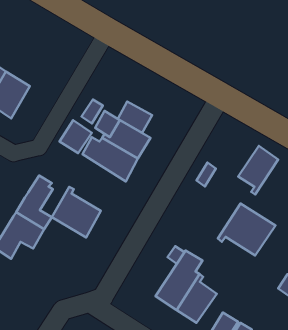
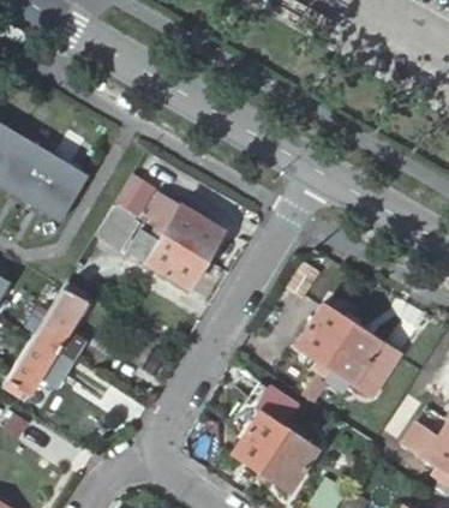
building: none -> [28,156,88,222]
building: [118,102,152,133] -> none
building: [238,146,278,194] -> [295,303,352,371]
building: [52,187,101,238] -> none

